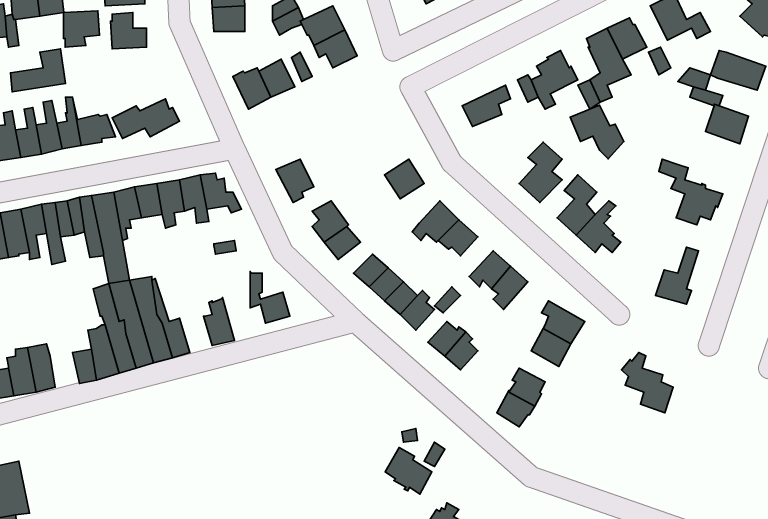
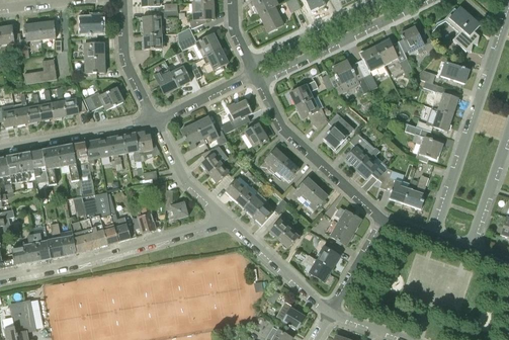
building: [63,11,100,47] -> [84,58,105,79]
building: [570,105,624,159] -> [295,97,327,129]
building: none -> [227,99,252,129]
building: none -> [416,107,452,132]
building: none -> [194,116,227,145]
building: none -> [48,223,65,257]
building: [622,352,673,413] -> [377,168,408,203]
building: [385,448,432,494] -> [276,302,304,329]

